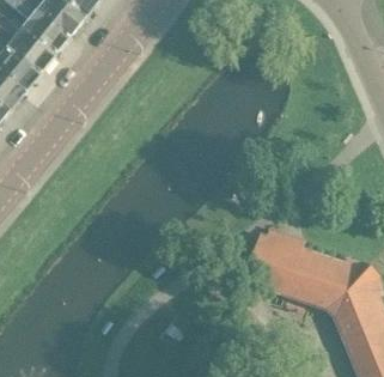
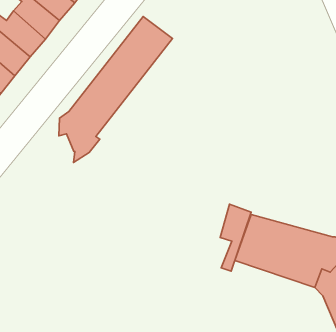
building: none -> [59,17,172,163]
building: none -> [220,204,251,271]

